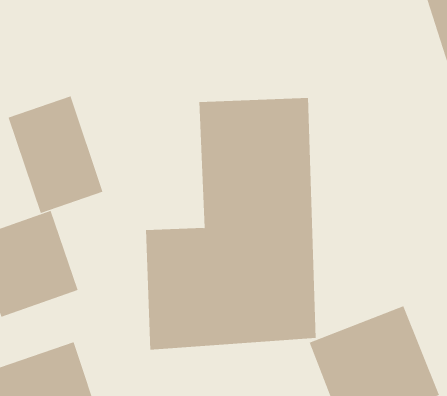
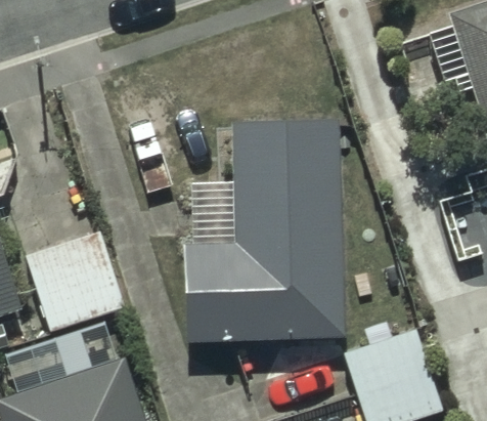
building: [8,96,103,214] -> none

